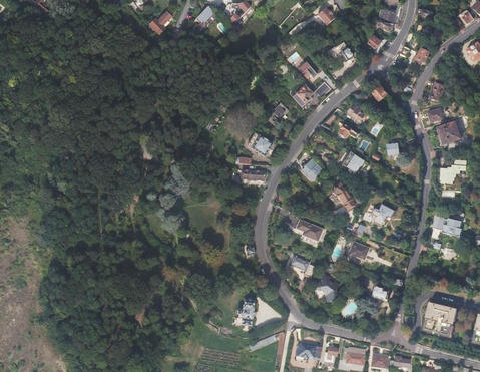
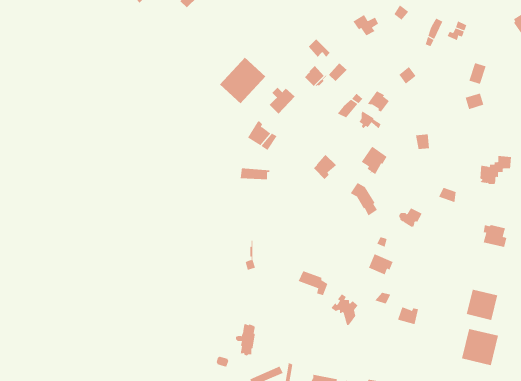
building: none -> [219,57,266,104]
building: [434,121,460,144] -> none
building: [295,220,323,244] -> none
building: none -> [466,289,498,321]

